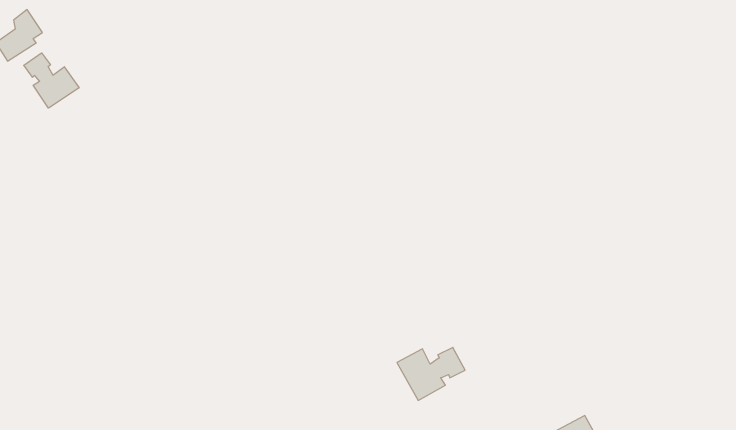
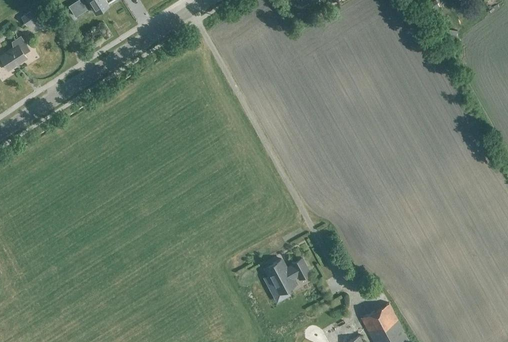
building: [24,53,79,108] -> none

